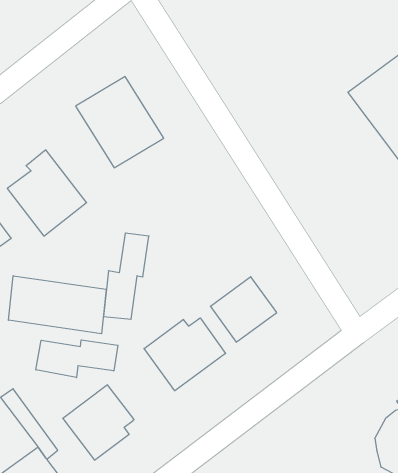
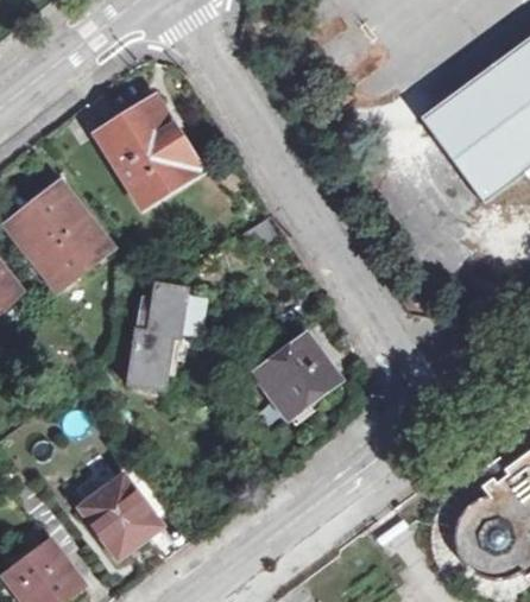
building: [8,276,106,334] -> none
building: [144,318,226,391] -> none
building: [36,340,118,378] -> none

